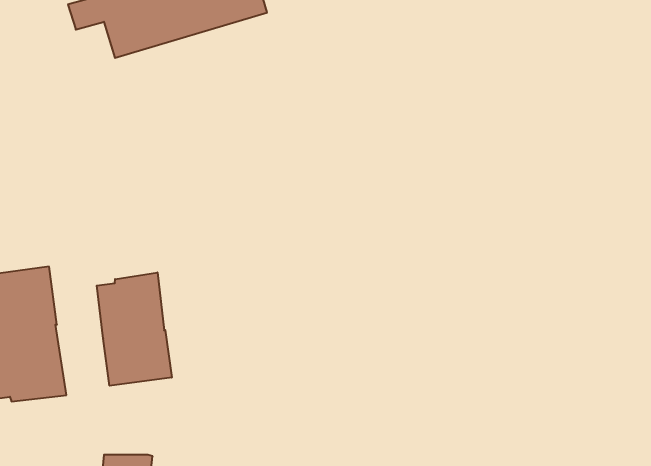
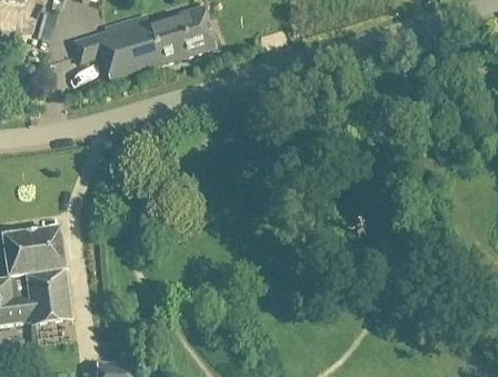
building: [97,272,172,386] -> none

